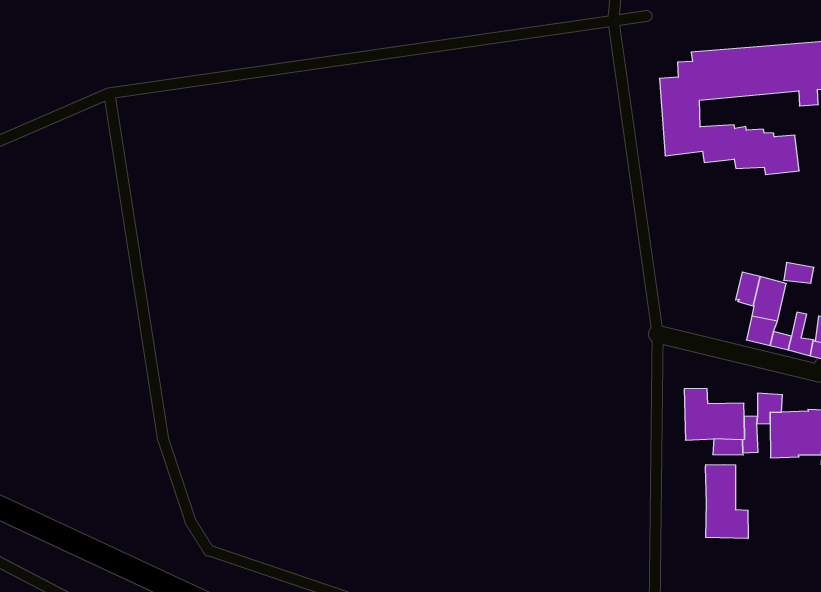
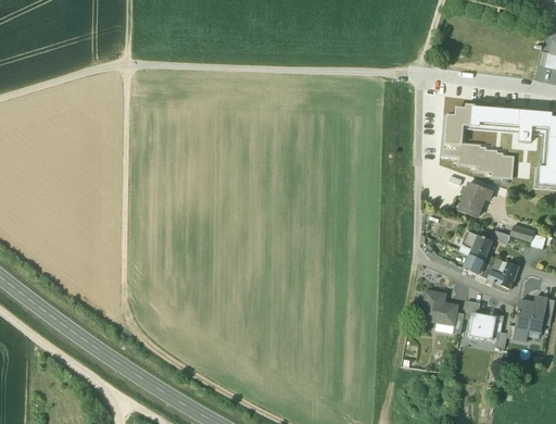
building: none -> [459,182,492,217]
building: [706,465,748,539] -> none

